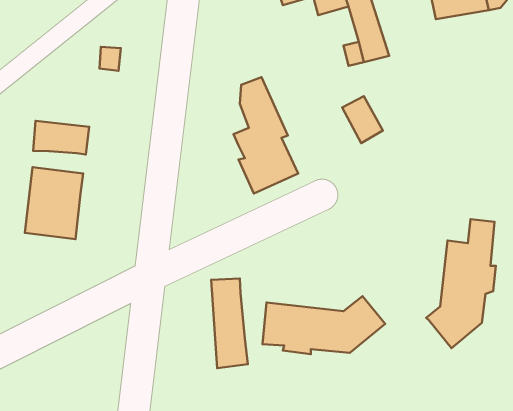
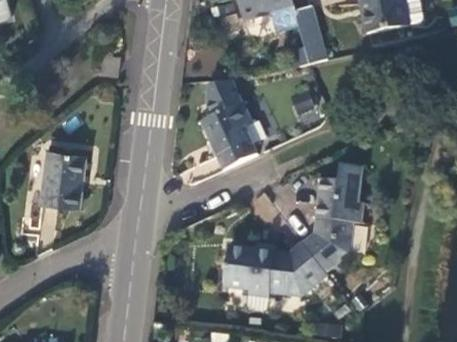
building: [33,121,89,155] -> none
building: [426,219,496,348] -> [305,169,360,271]
building: [211,278,248,368] -> none

